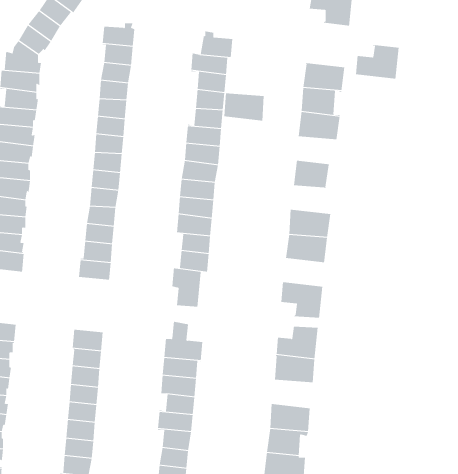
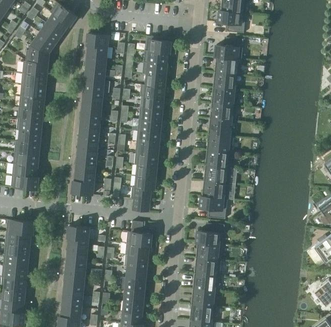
building: [355,44,399,79] -> [215,37,243,59]
building: [224,93,265,121] -> [210,103,236,121]
building: none -> [206,134,233,152]
building: none -> [202,180,228,198]
building: none -> [194,257,221,275]

